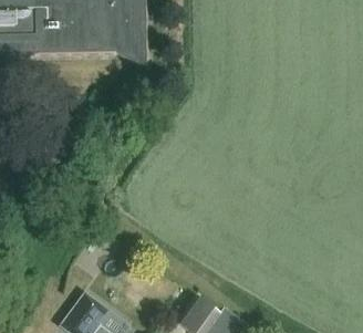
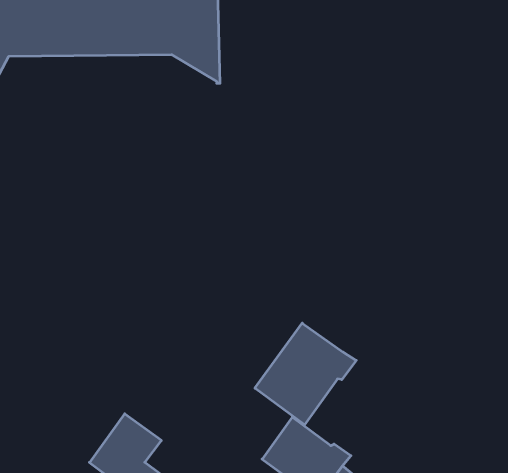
building: none -> [255,323,356,425]

